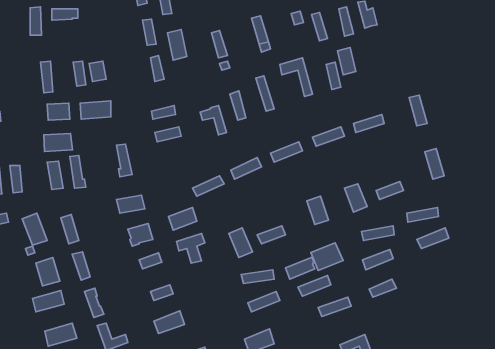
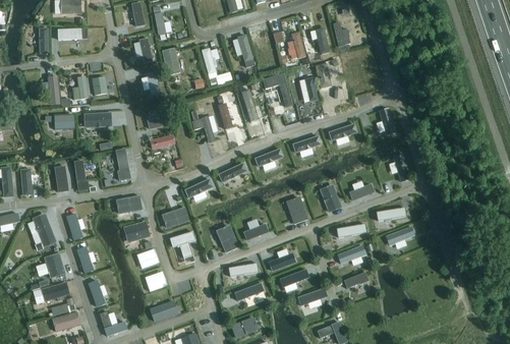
building: [44,133,73,151] -> none
building: [311,243,343,271] -> none

